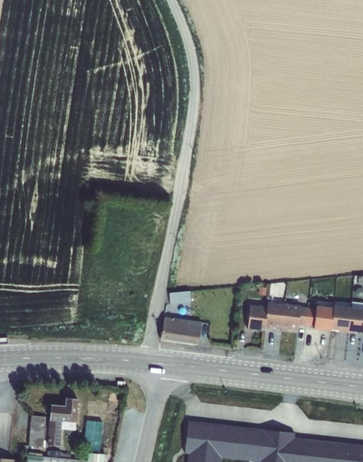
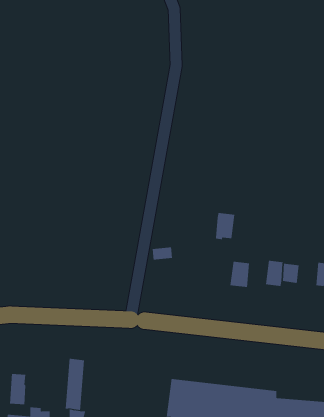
building: [265,302,285,331] -> [215,213,235,242]
building: [314,306,334,331] -> none
building: [161,317,202,344] -> none
building: [47,398,78,446] -> none

